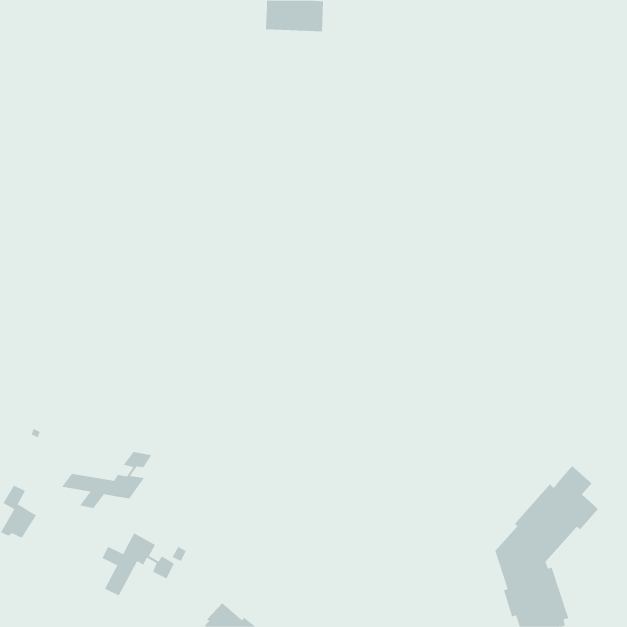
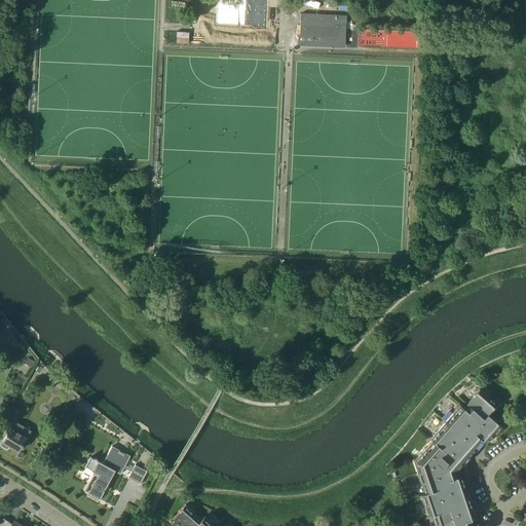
building: none -> [300,13,339,38]
building: [61,451,154,509] -> none

